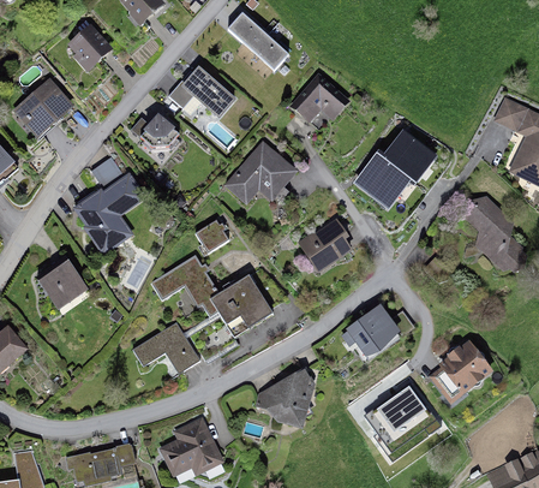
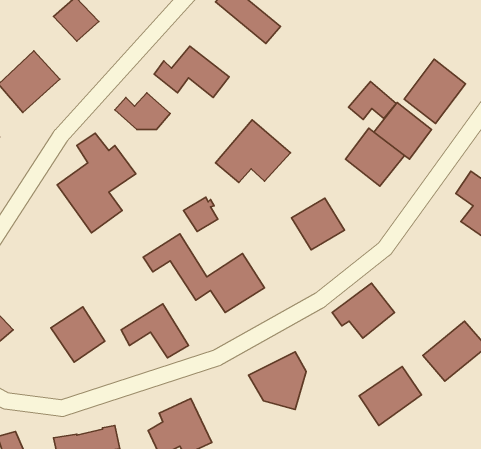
building: [297,83,343,120] -> [348,82,396,120]
building: none -> [404,59,466,124]
building: [37,258,90,313] -> [51,307,105,362]

